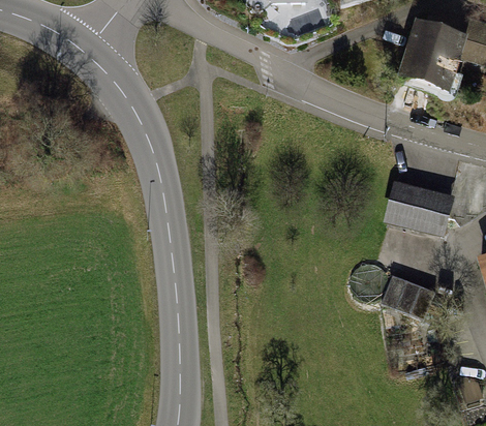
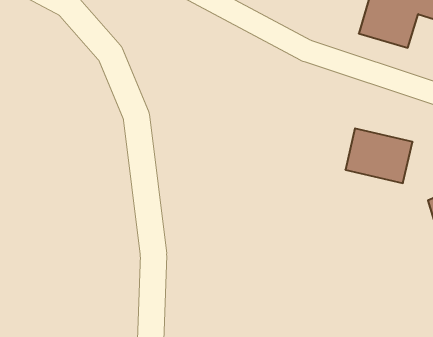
building: [381,274,434,320] -> none

